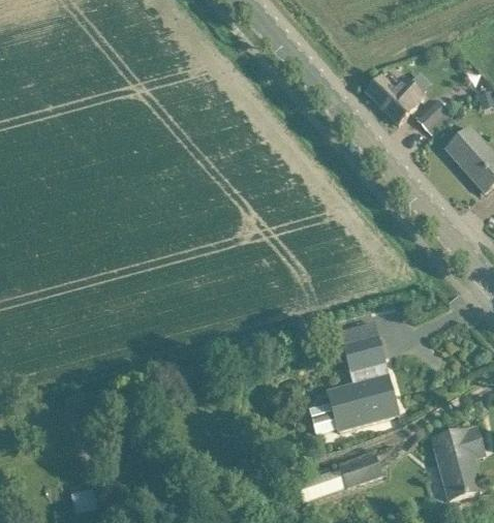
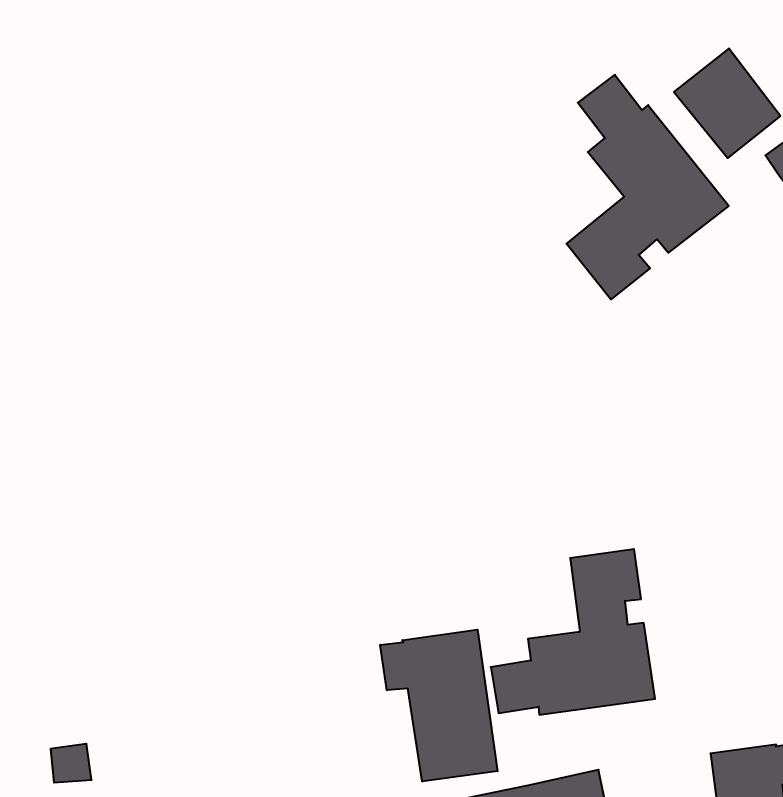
building: none -> [566,75,729,299]
building: none -> [380,630,497,782]

